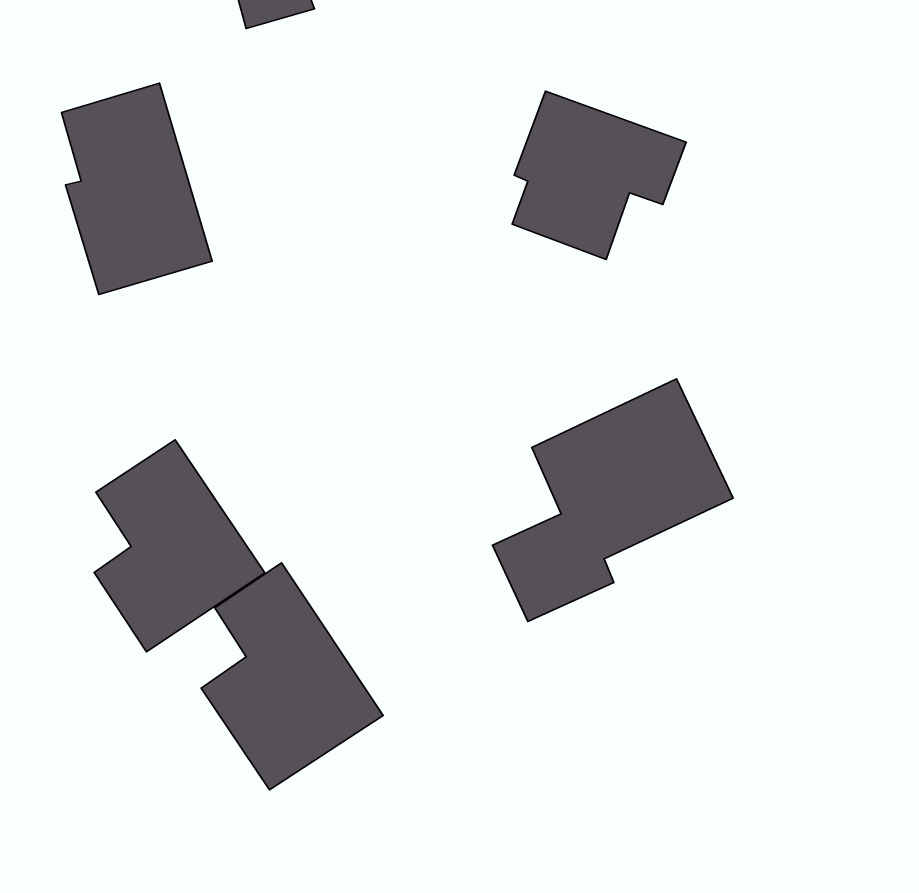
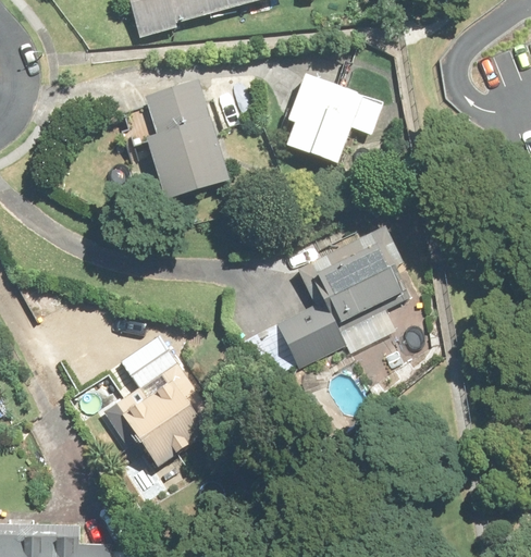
building: [62,83,212,295] -> [145,82,229,199]
building: [94,440,265,652] -> none

